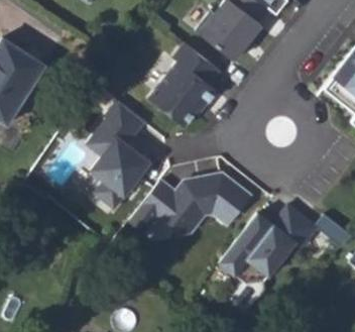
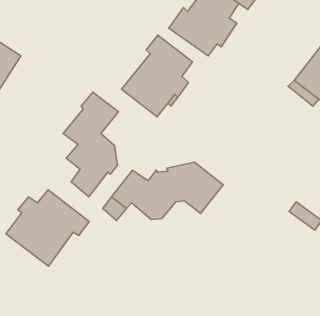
building: none -> [6,190,89,266]
building: [217,204,316,313] -> none

